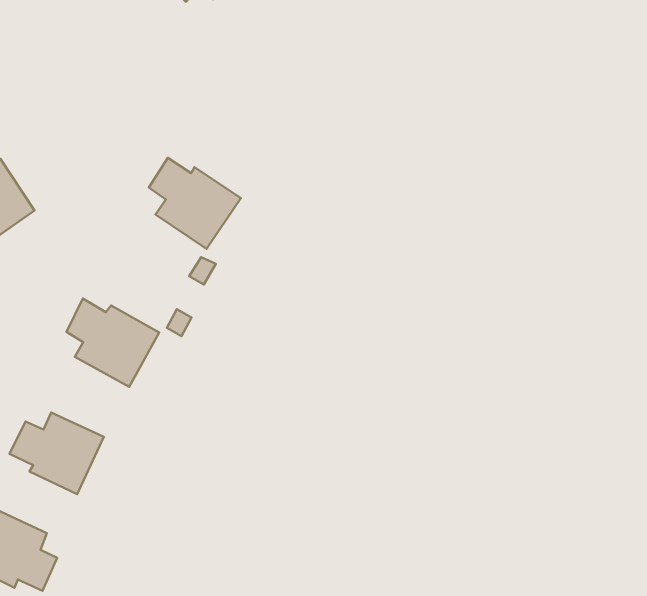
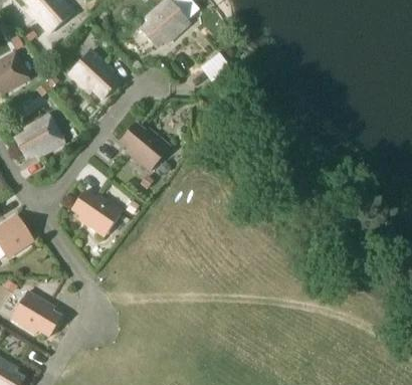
building: none -> [69,49,116,99]
building: [9,412,104,494] -> none

